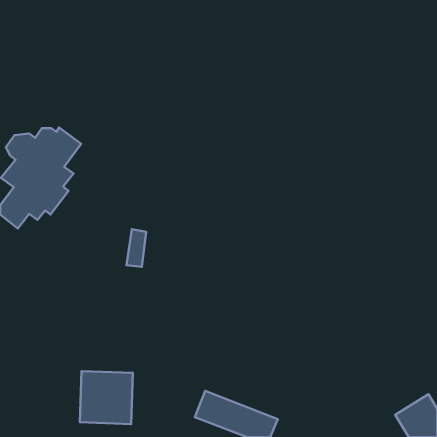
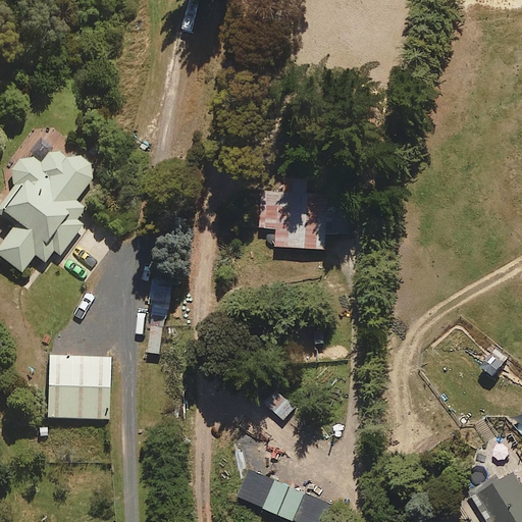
building: none -> [262,174,330,247]
building: [80,371,133,424] -> [47,357,110,420]

